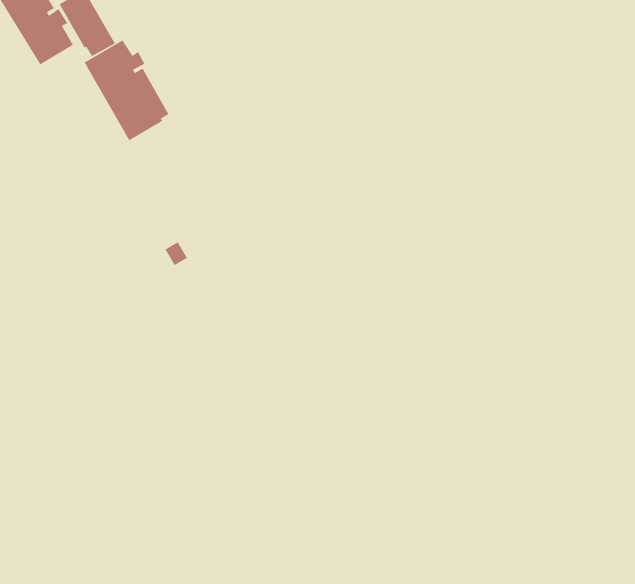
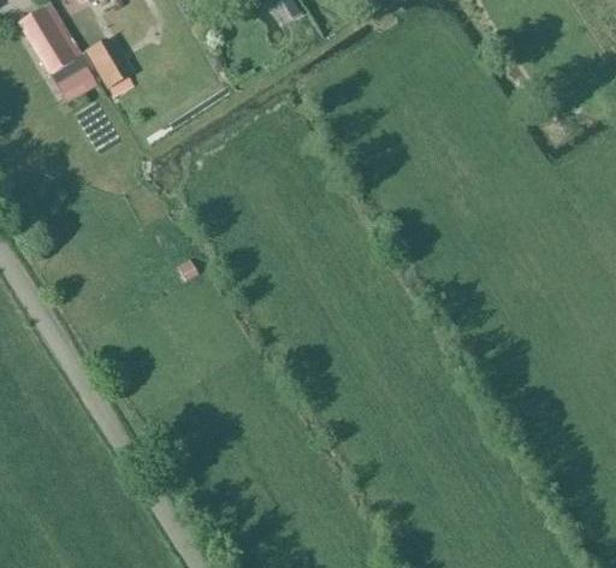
building: [84,39,169,141] -> none

